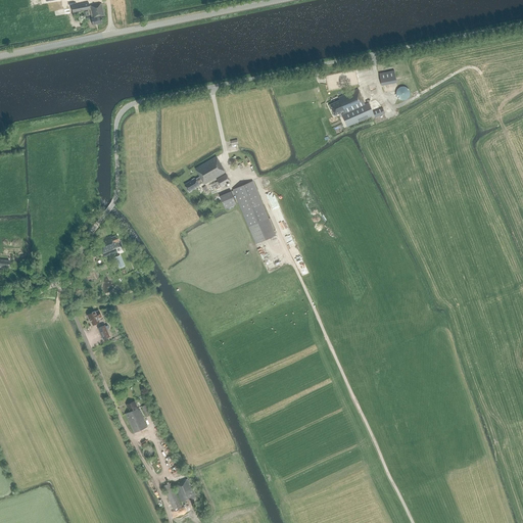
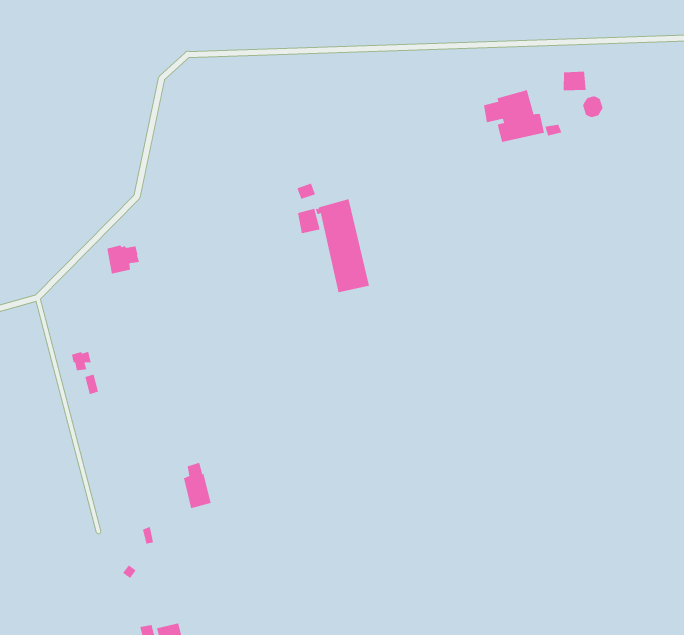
building: [184,156,225,193] -> none
building: [126,401,147,433] -> [183,462,212,509]

